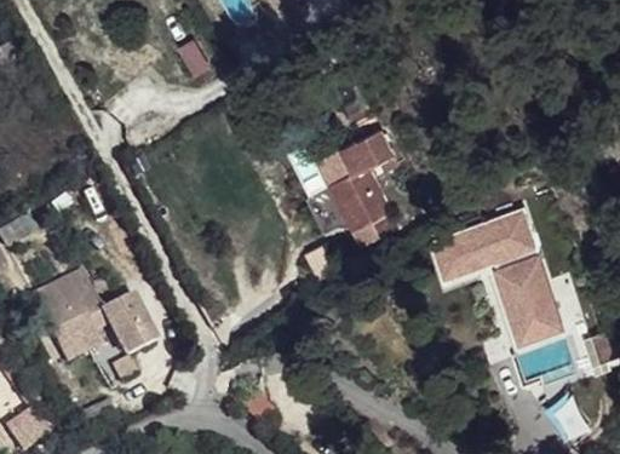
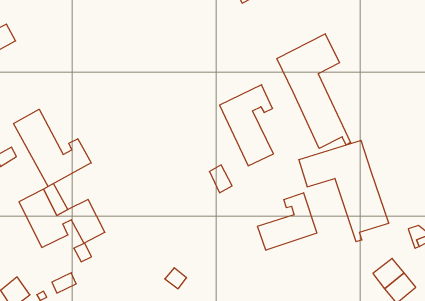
building: none -> [277,34,351,148]
building: none -> [14,109,91,186]
building: none -> [258,193,317,250]

